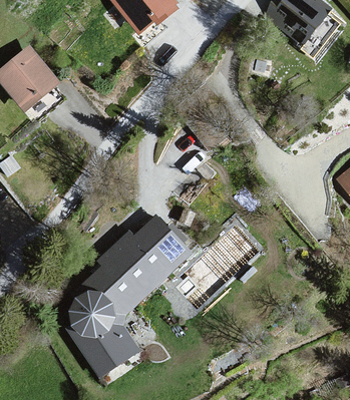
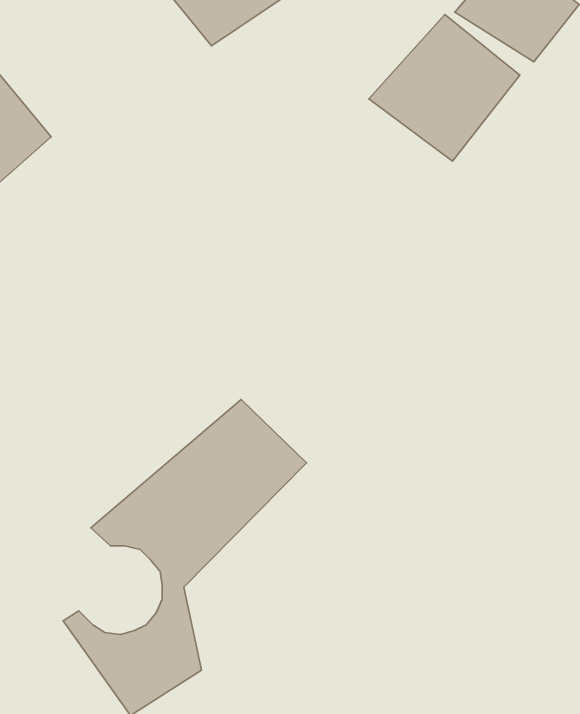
building: none -> [369,14,520,161]
building: [71,290,116,335] -> none

